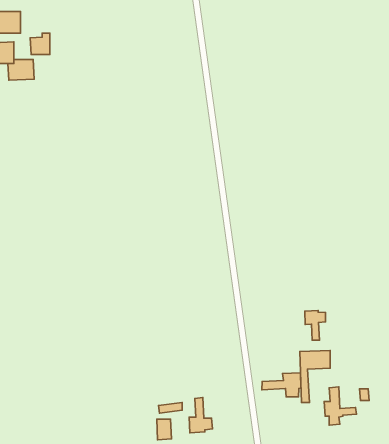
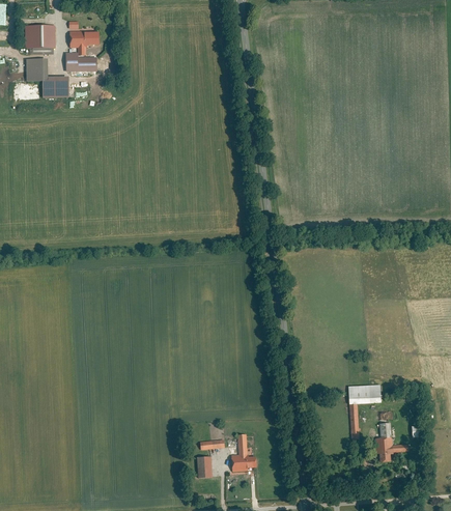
building: none -> [68,31,98,49]
building: [305,311,326,340] -> none
building: [262,373,301,397] -> none

